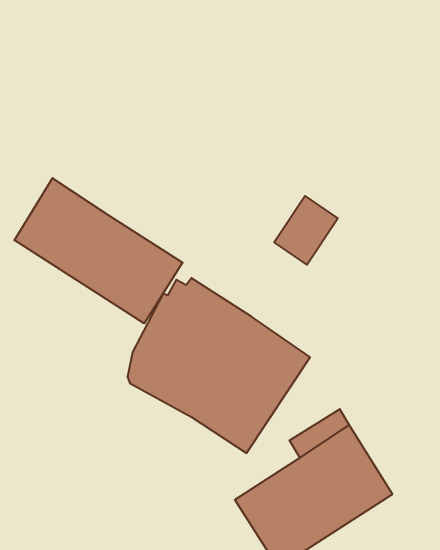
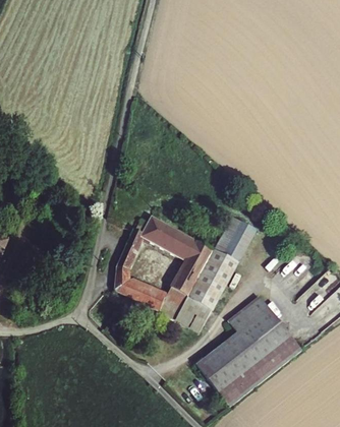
building: [14,178,183,323] -> none
building: [274,196,338,265] -> [215,216,257,262]

